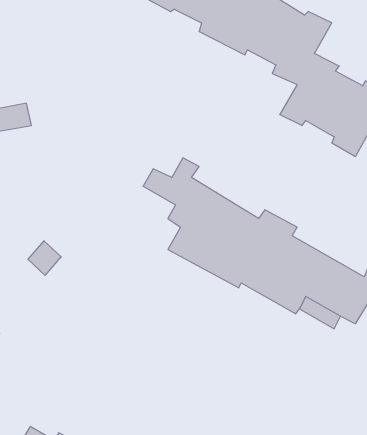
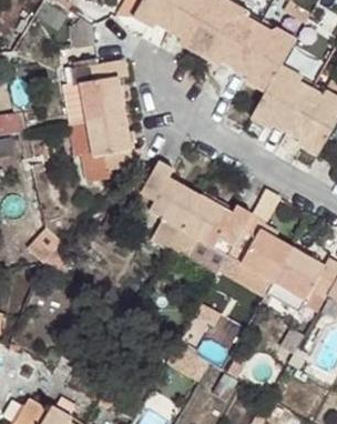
building: none -> [62,60,143,182]

